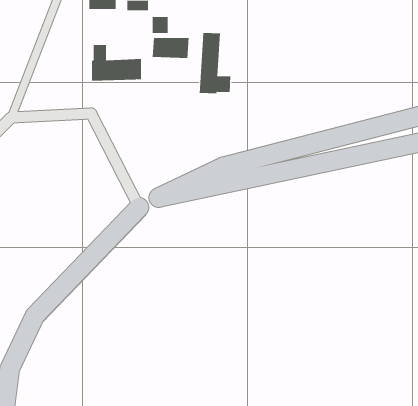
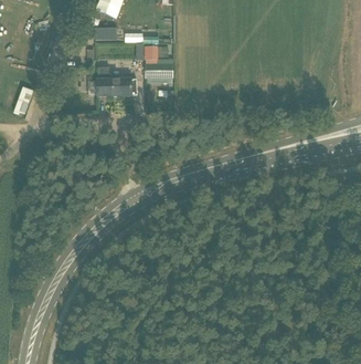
building: [199,32,231,94] -> none

